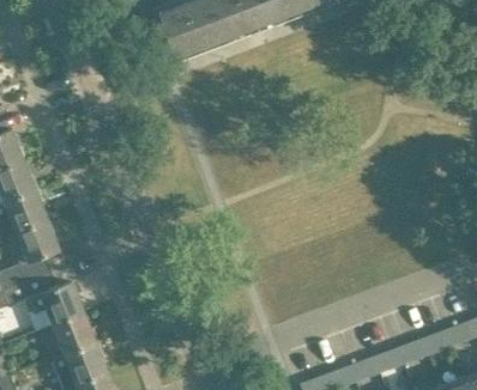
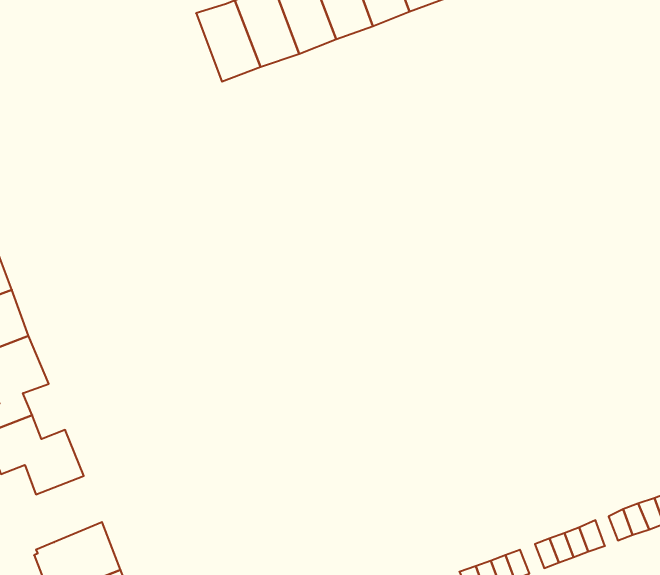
building: [41,312,96,355] -> none

